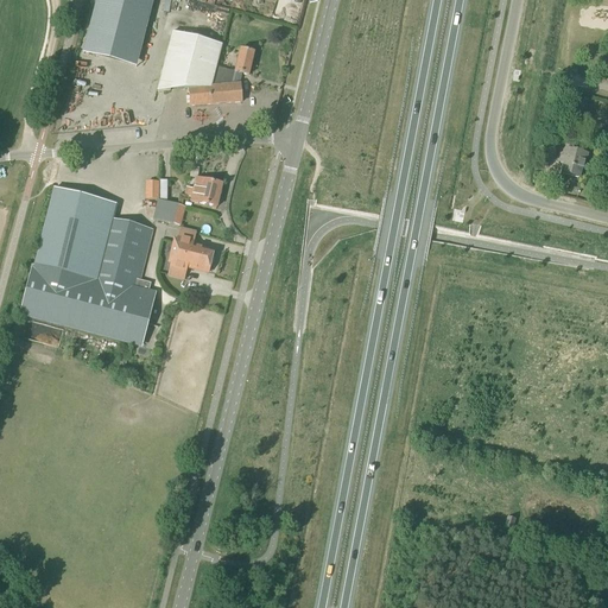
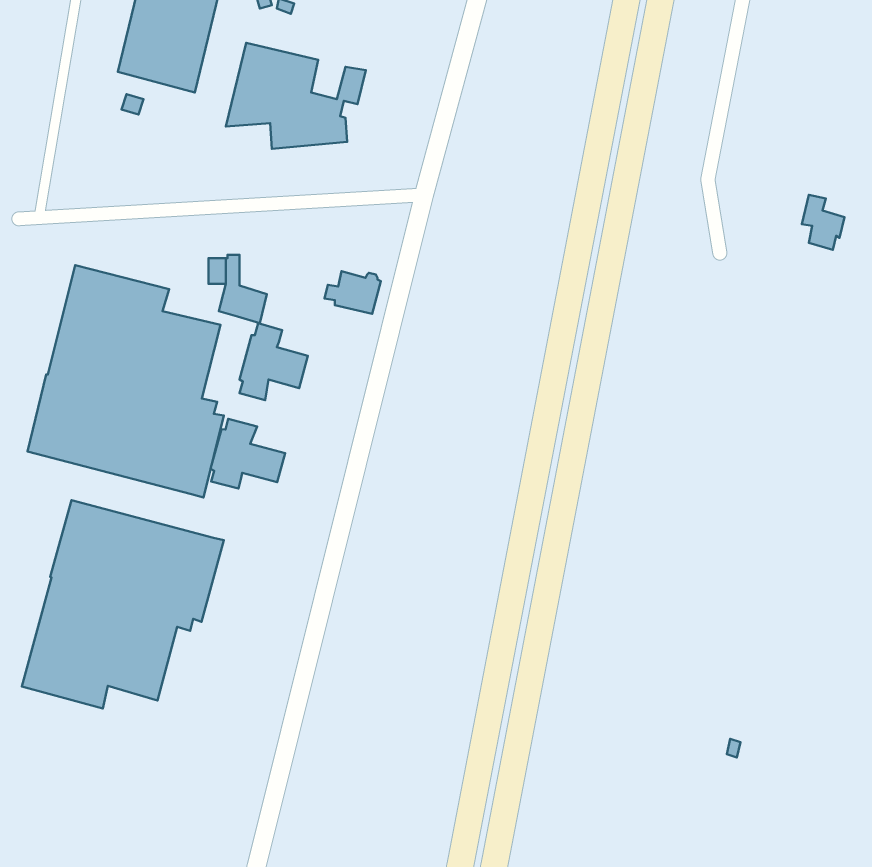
building: [184,175,223,204] -> [324,271,381,314]
building: none -> [211,419,285,489]
building: none -> [22,500,224,709]

